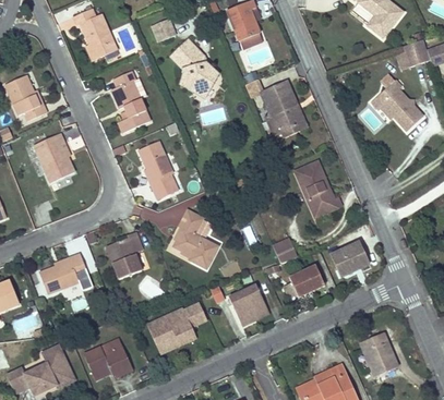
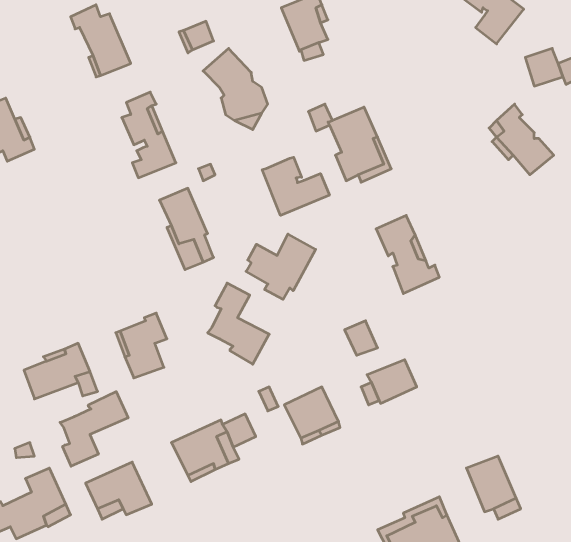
building: none -> [262,157,329,215]
building: [33,133,74,182] -> none
building: none -> [246,234,316,299]
building: [332,241,364,269] -> none
building: none -> [60,392,128,466]

